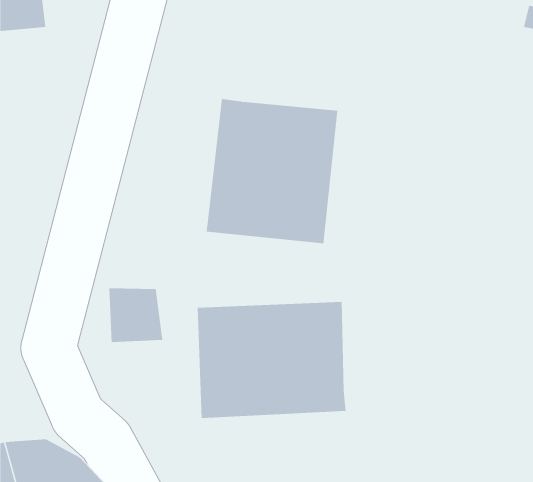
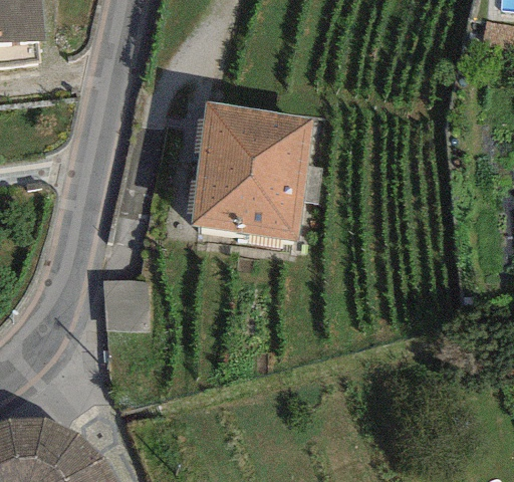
building: [197,301,346,419] -> none

